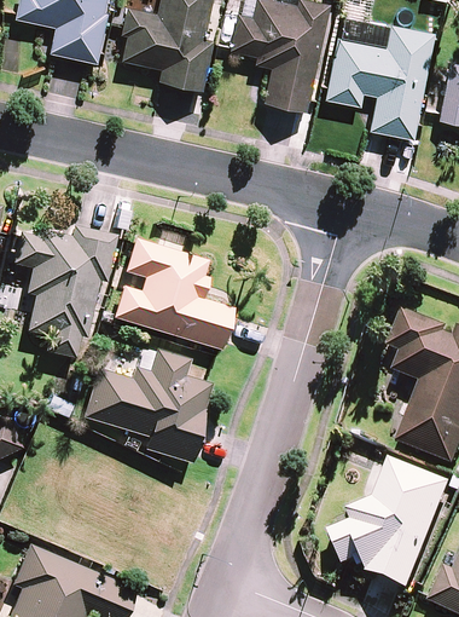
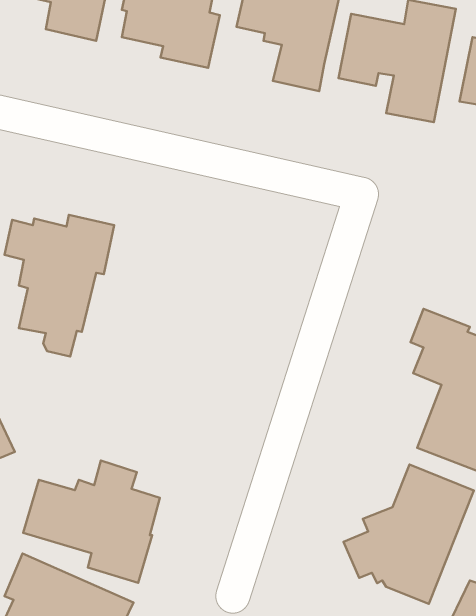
building: [112,238,232,351] -> none
building: [82,348,210,463] -> [23,461,160,583]

